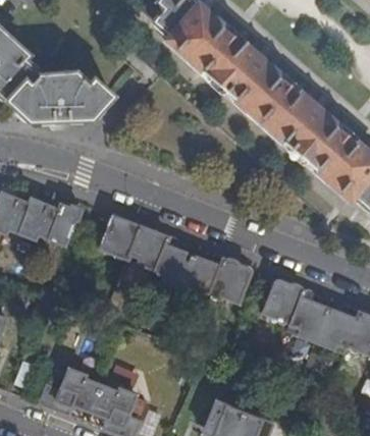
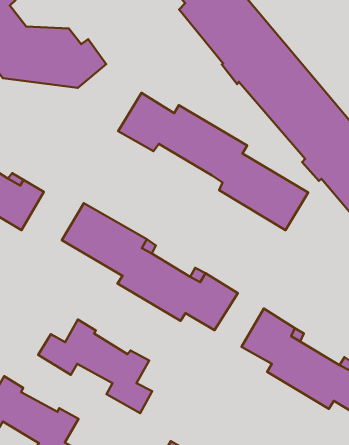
building: none -> [118,93,308,230]
building: none -> [38,319,152,413]

